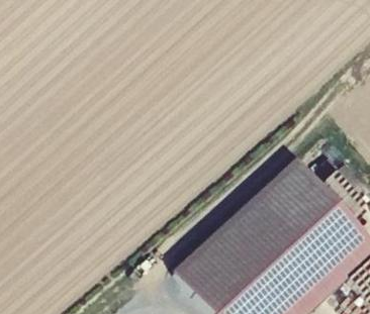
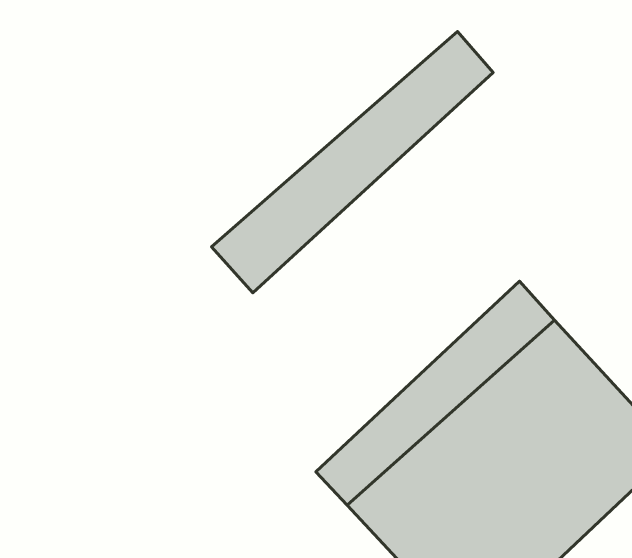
building: none -> [211,32,493,293]

